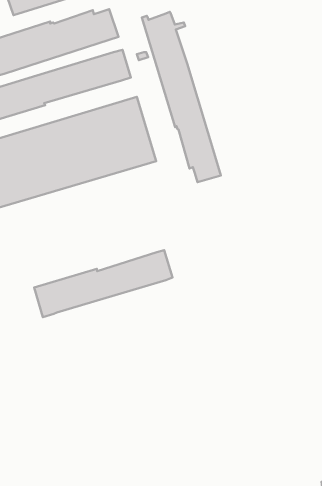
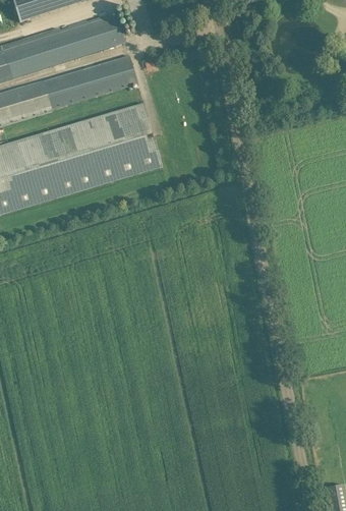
building: [142,12,221,182] -> none
building: [34,250,172,317] -> none

